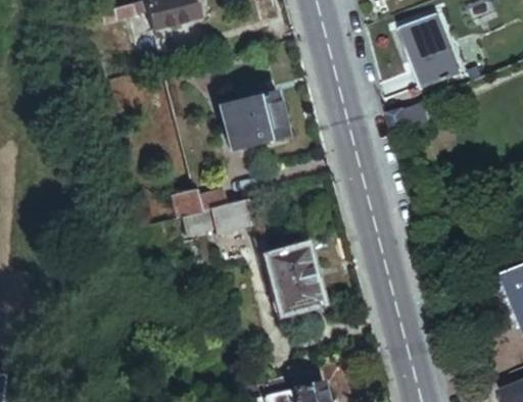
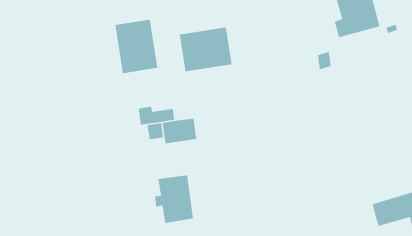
building: none -> [115,19,158,74]
building: [267,249,317,310] -> [154,175,194,224]

